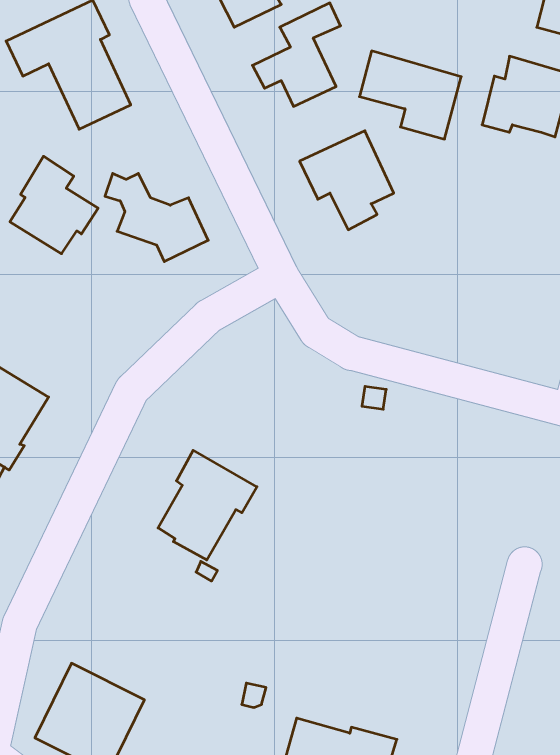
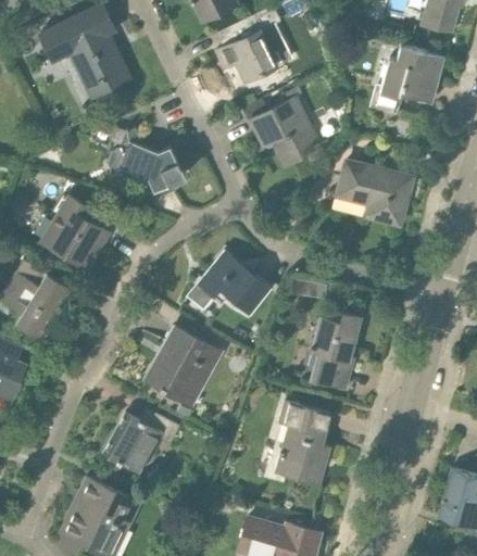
building: [359,51,461,139] -> [338,162,411,225]
building: [10,156,98,254] -> [46,197,109,266]
building: none -> [197,251,271,313]
building: none -> [311,314,361,389]
building: none -> [275,402,330,483]
building: none -> [103,410,179,476]

